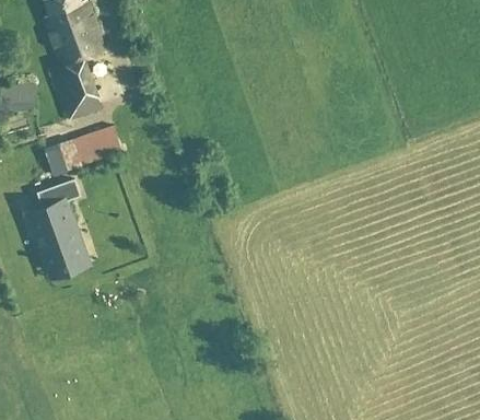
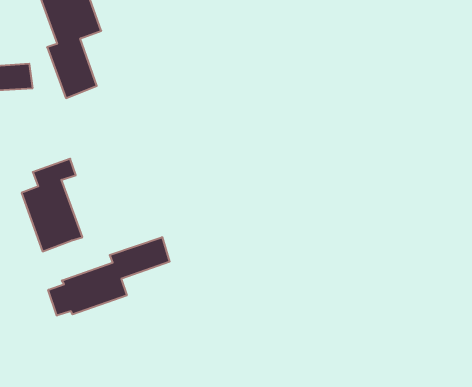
building: [45,124,122,174] -> none
building: none -> [48,237,170,316]

